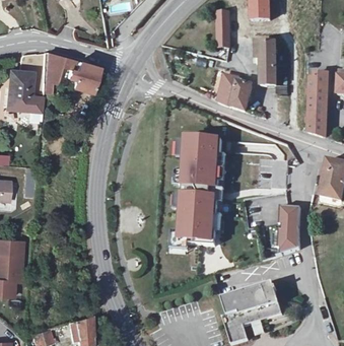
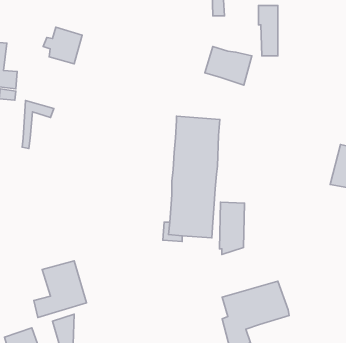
building: [43,50,71,92] -> [22,101,54,148]
building: [311,73,327,137] -> none
building: [279,209,301,256] -> [219,202,245,254]
building: none -> [34,261,86,317]

